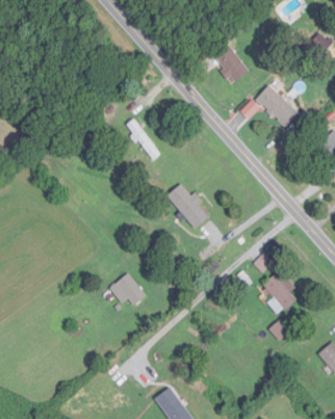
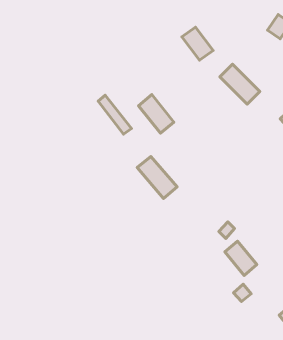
building: none -> [139,94,174,133]
building: [108,273,145,306] -> none

